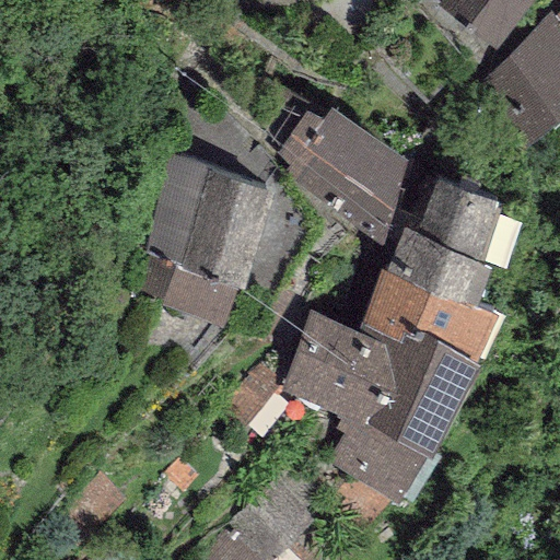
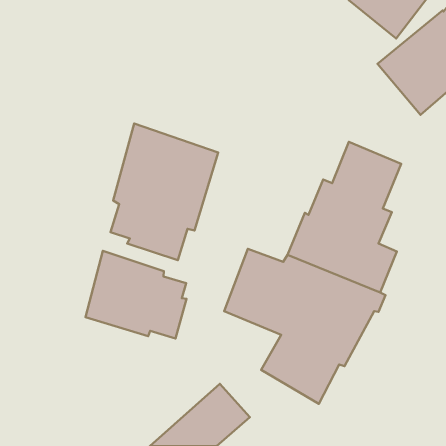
building: [278,105,409,242] -> none
building: none -> [86,251,186,338]

